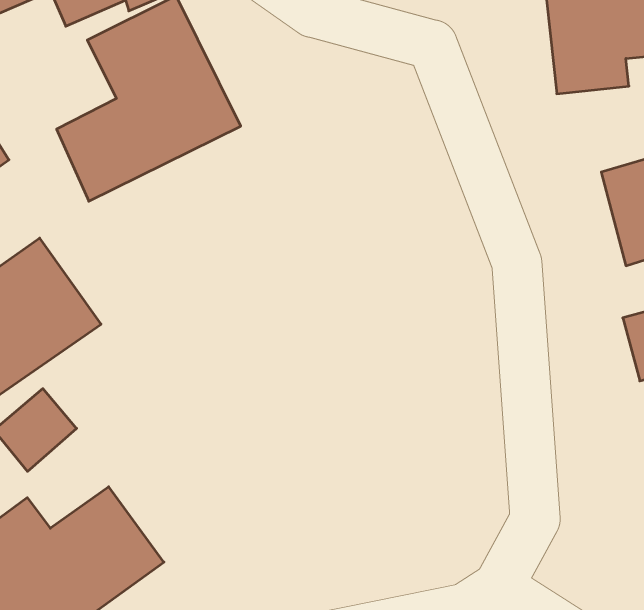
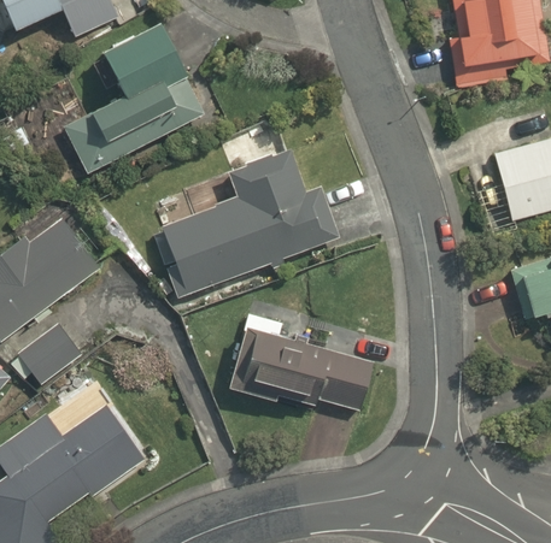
building: none -> [154,147,338,295]
building: none -> [228,327,374,412]

